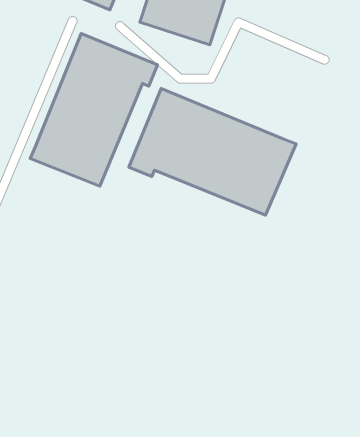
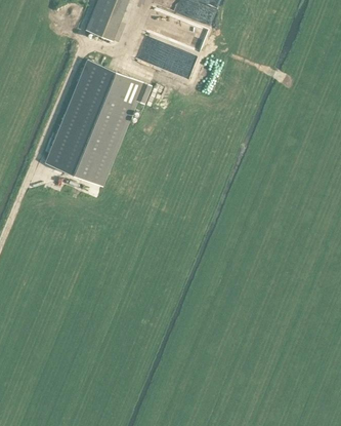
building: [129,88,296,215] -> none

